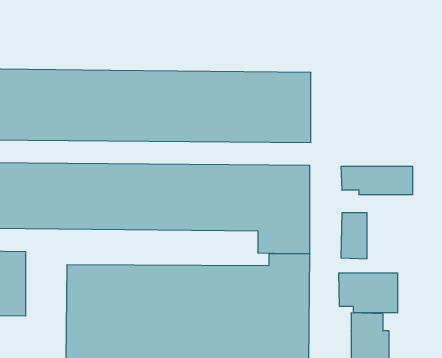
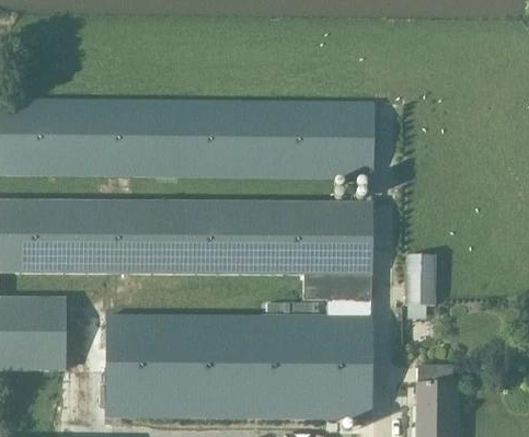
building: [341,166,413,195] -> none
building: [339,273,397,313] -> none

